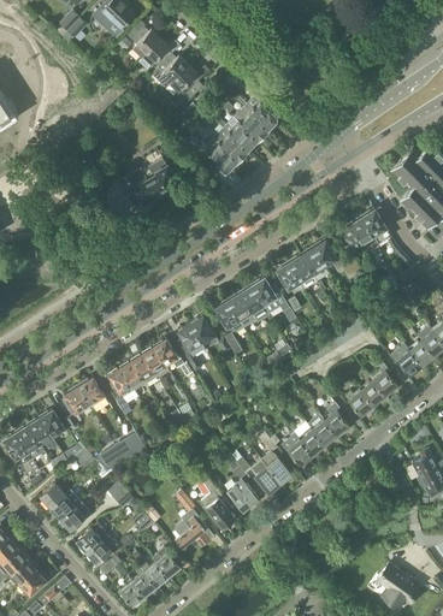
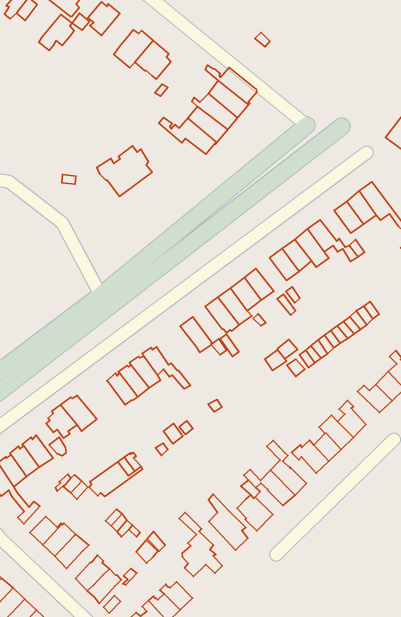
building: [138,40,171,71] -> [39,15,74,51]
building: [177,324,206,371] -> none
building: [108,368,135,414] -> none

